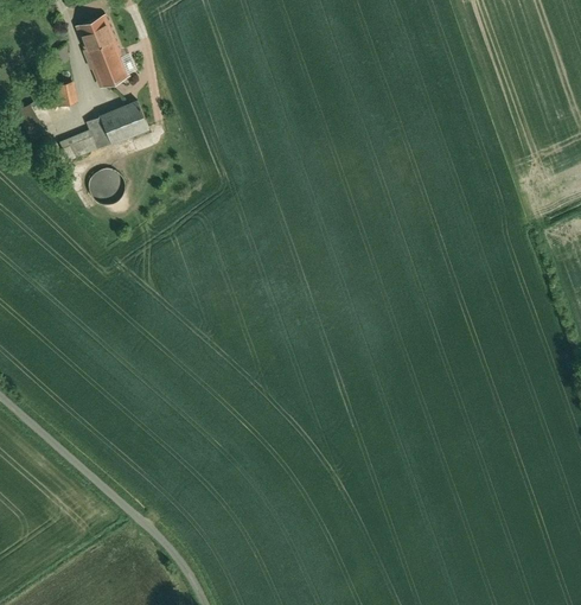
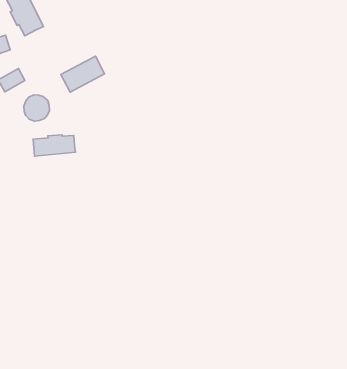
building: [84,101,146,148] -> [61,56,105,92]
building: none -> [33,135,75,156]

